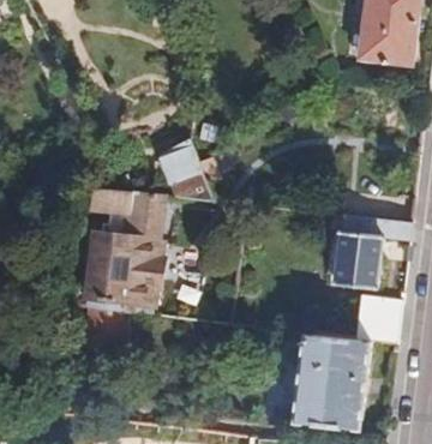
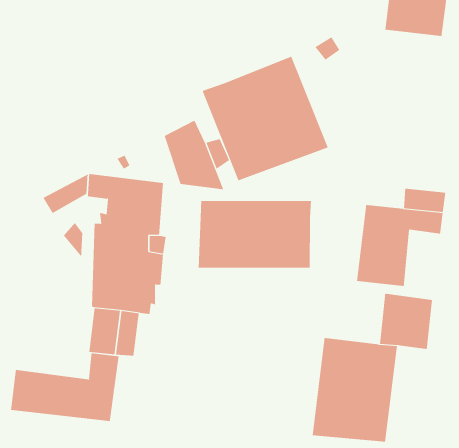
building: none -> [202,56,328,181]
building: none -> [198,200,312,268]
building: none -> [11,353,119,422]

